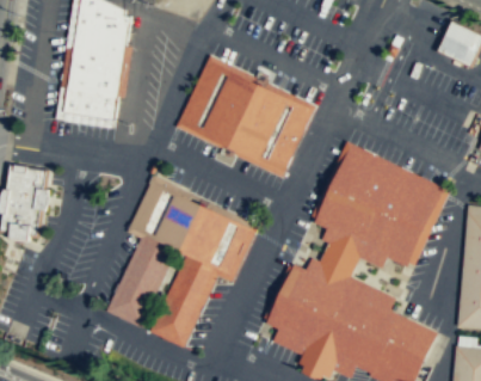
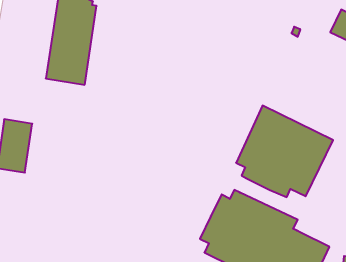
building: [181,61,309,171] -> none
building: [110,183,248,342] -> none
building: [319,242,358,276] -> none

